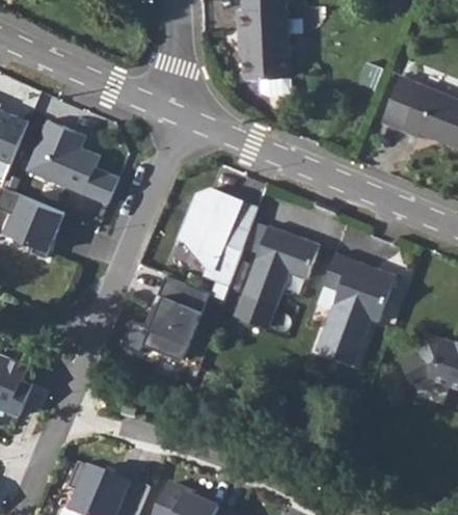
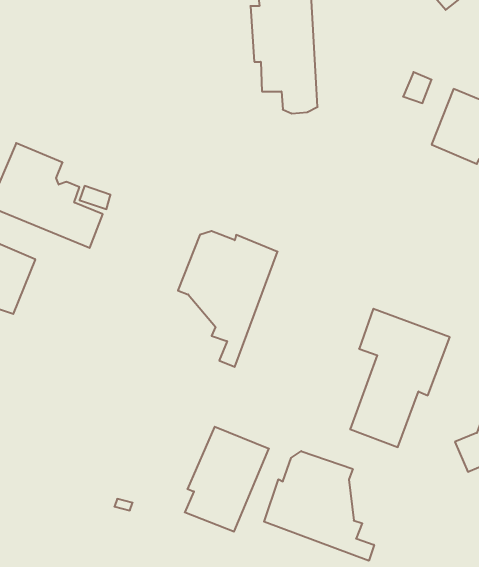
building: [237,226,319,328] -> none
building: [141,276,209,360] -> [185,427,269,532]
building: none -> [264,451,374,561]

